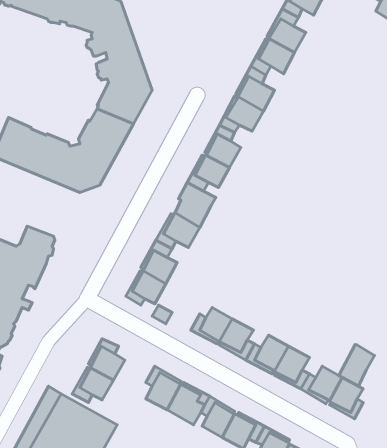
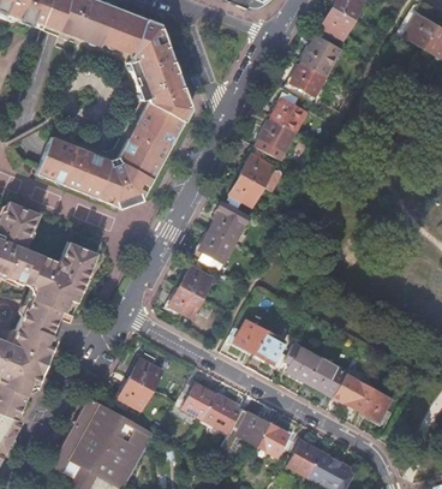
building: [339,345,375,386] -> none

